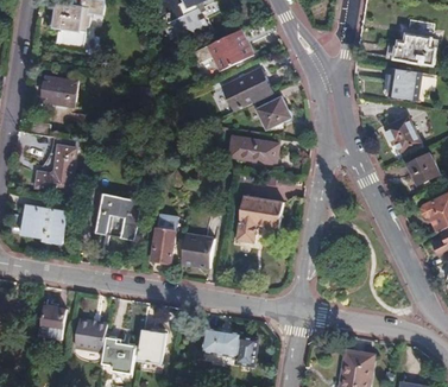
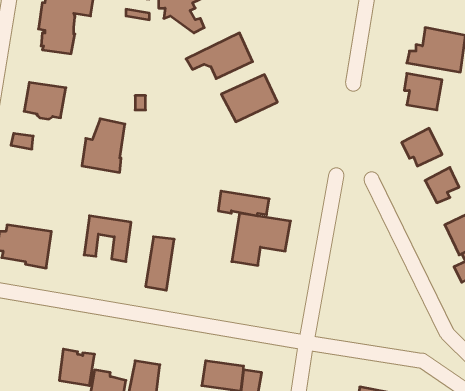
building: [255,97,290,129] -> none
building: [229,138,276,160] -> [218,191,269,216]
building: [36,145,75,194] -> [82,119,125,172]
building: [181,234,214,267] -> none
building: [36,303,64,341] -> none

